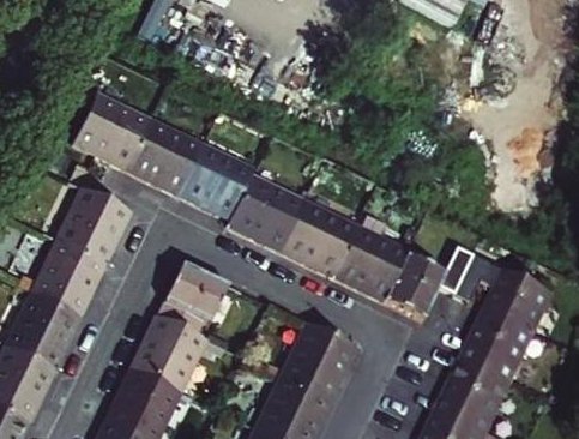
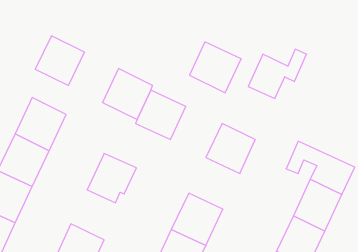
building: [126,119,200,193] -> none
building: [277,199,354,275] -> [190,42,241,93]
building: [380,243,466,317] -> [248,49,307,99]
building: [129,323,203,397] -> none

